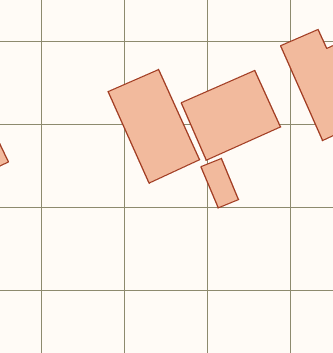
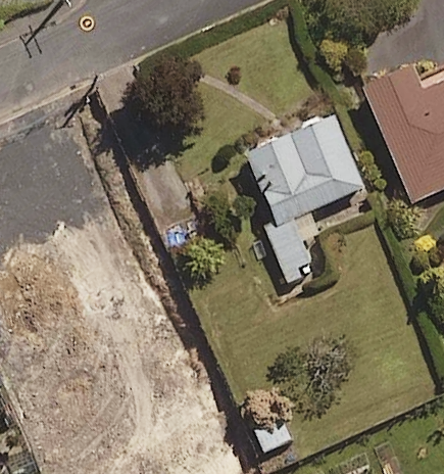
building: [108,69,199,183] -> none

